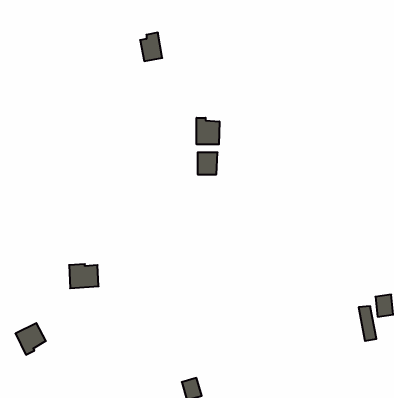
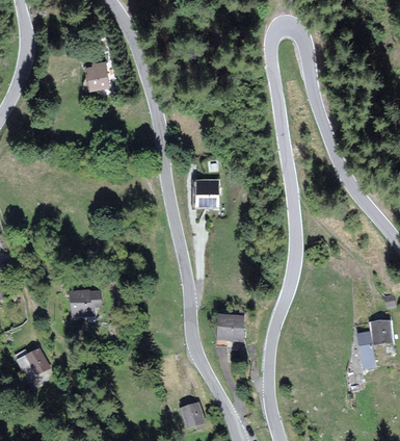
building: [140,33,162,61] -> [86,61,108,89]
building: [197,118,219,144] -> none
building: none -> [218,314,241,339]

